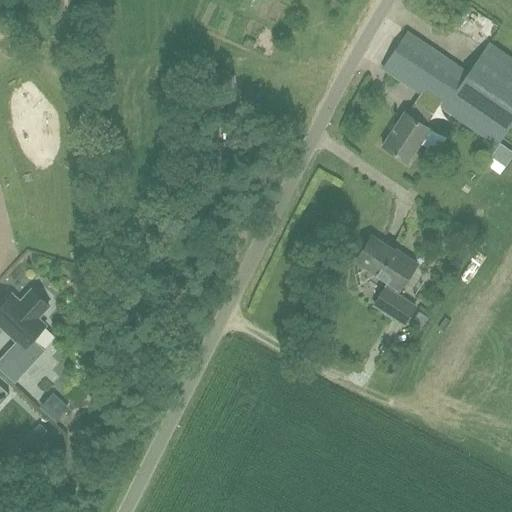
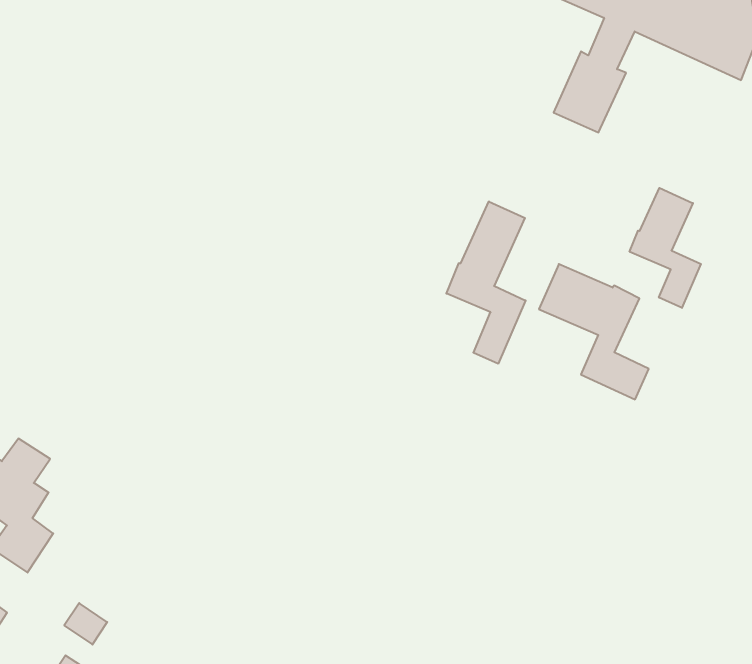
building: none -> [446,201,526,364]
building: none -> [630,188,701,308]

